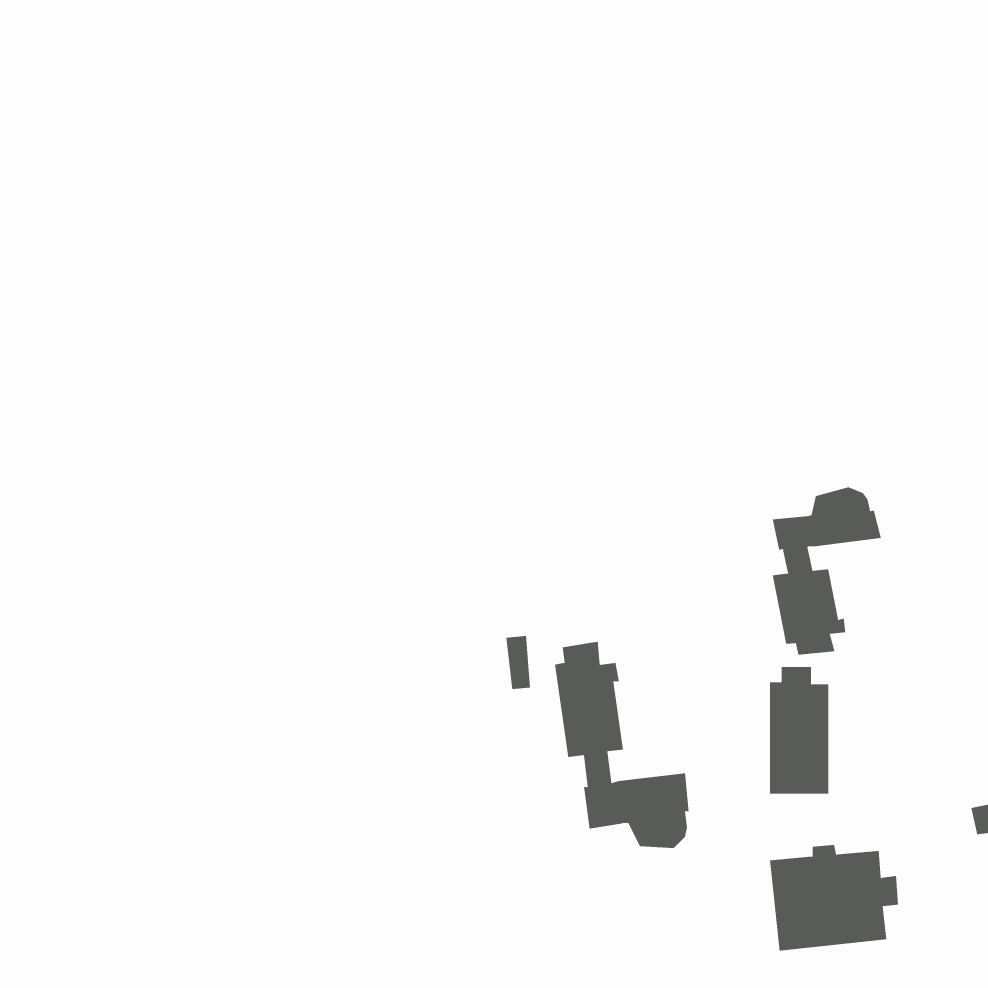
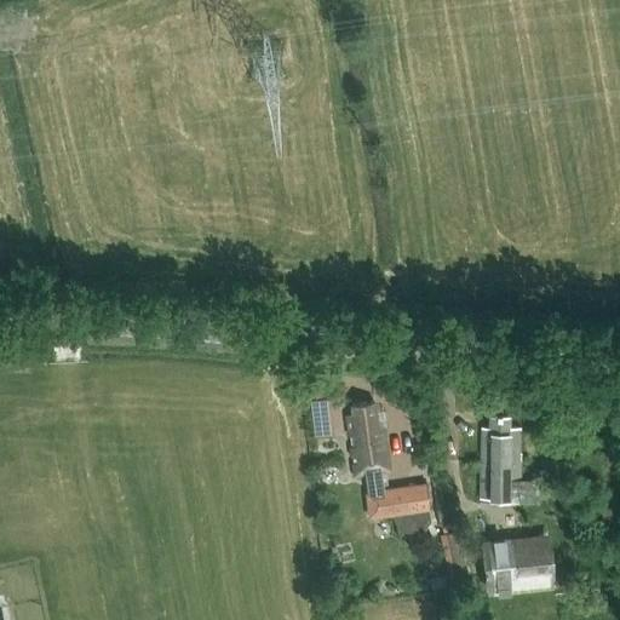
building: [772,487,881,655] -> none

